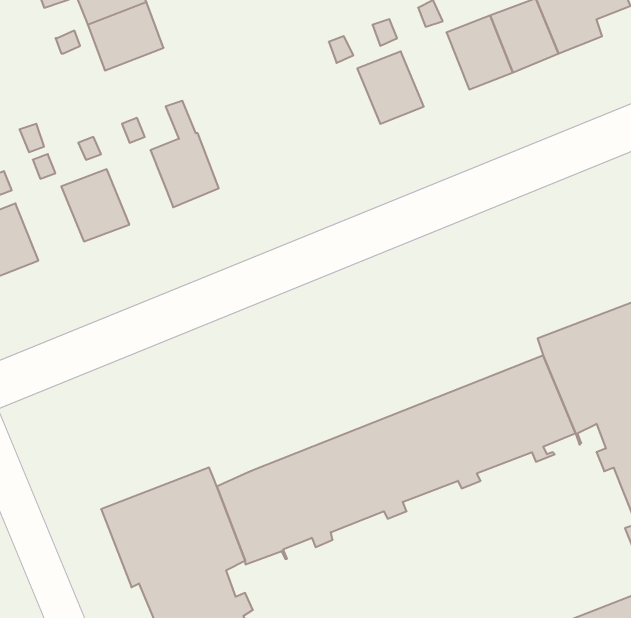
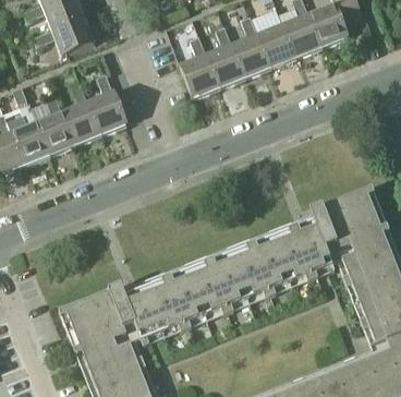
building: none -> [231,34,270,76]
building: none -> [180,55,219,97]
building: none -> [62,101,100,144]
building: none -> [10,122,49,165]

